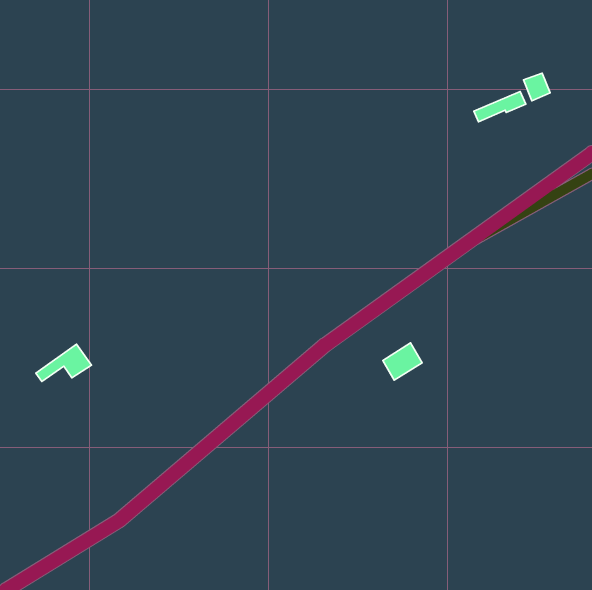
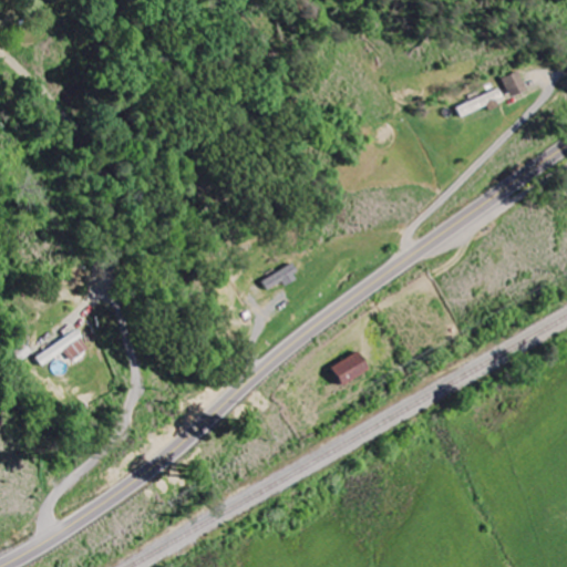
building: none -> [262,265,299,289]
building: [383,343,422,380] -> [331,350,369,385]

